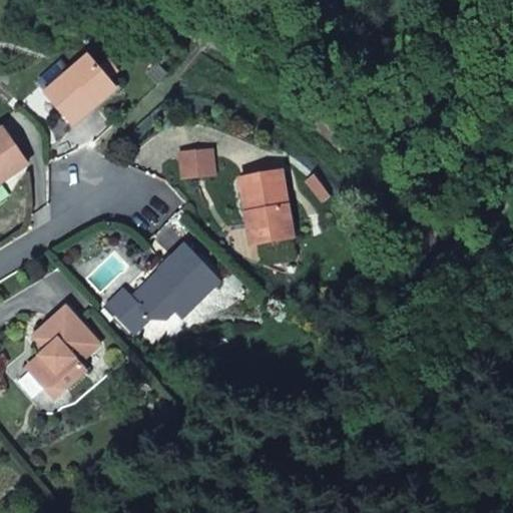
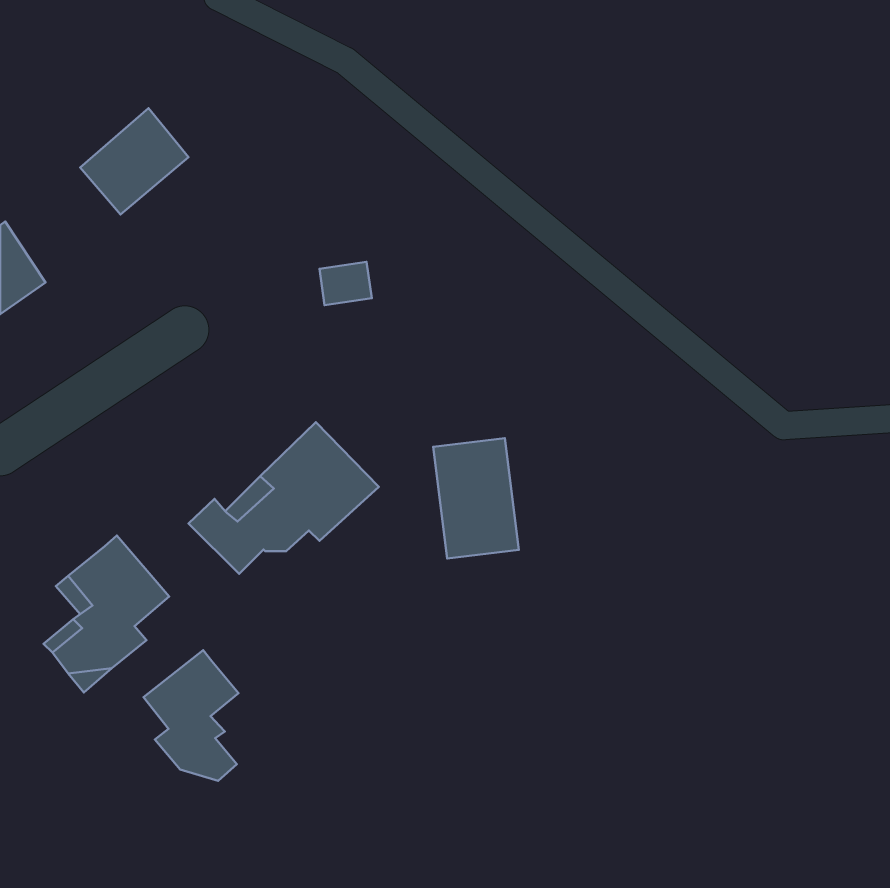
building: [242,169,292,238] -> [433,438,519,558]
building: none -> [144,650,239,781]

